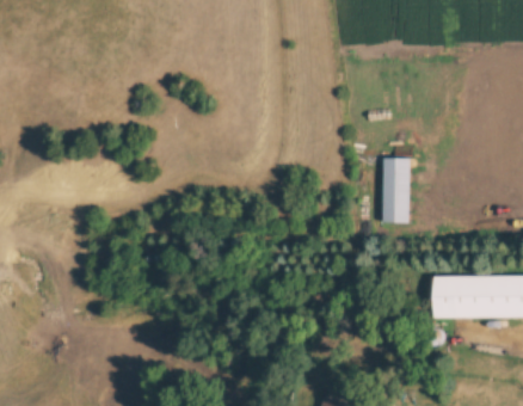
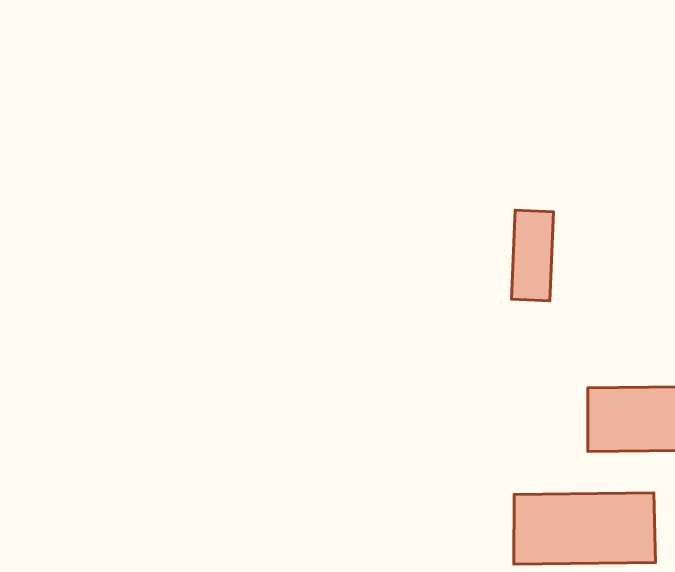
building: none -> [514,493,655,564]

